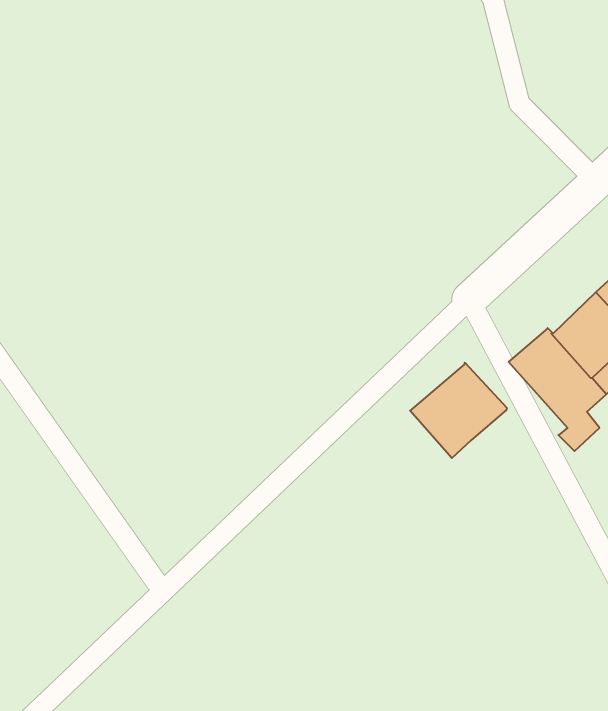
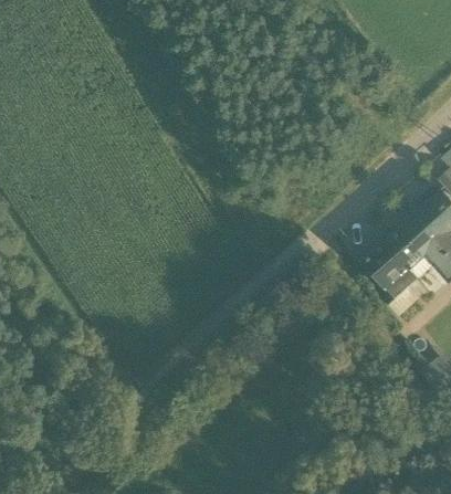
building: [410,363,507,458] -> none

